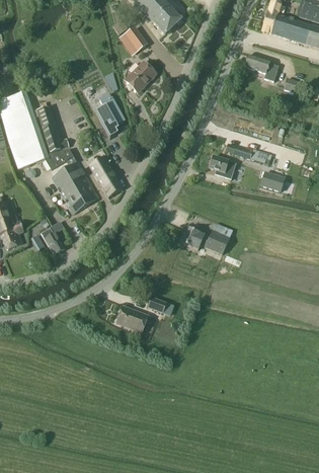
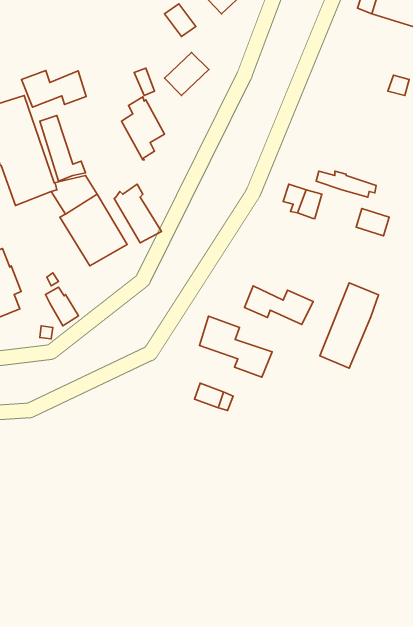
building: [244,55,278,80] -> none
building: none -> [22,70,86,107]
building: none -> [320,283,379,368]
building: none -> [200,316,272,377]
building: [115,305,148,331] -> none

